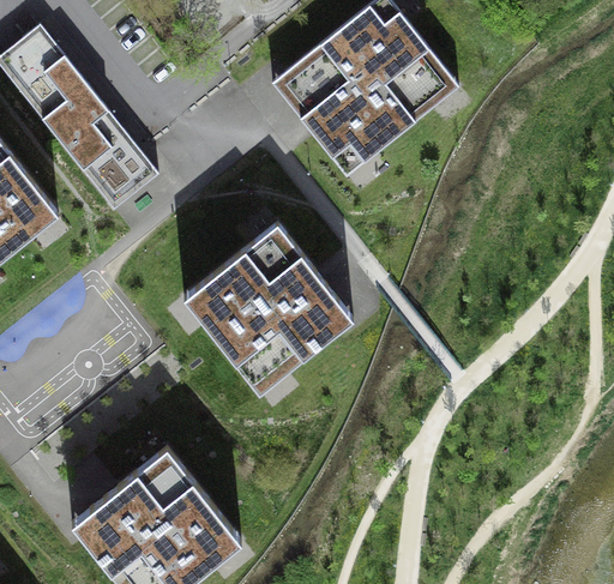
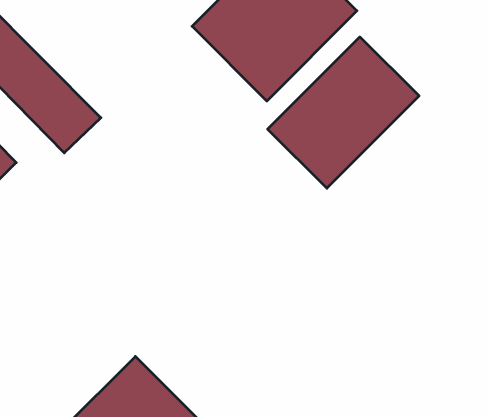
building: none -> [268,37,419,188]
building: [183,224,354,393] -> none

